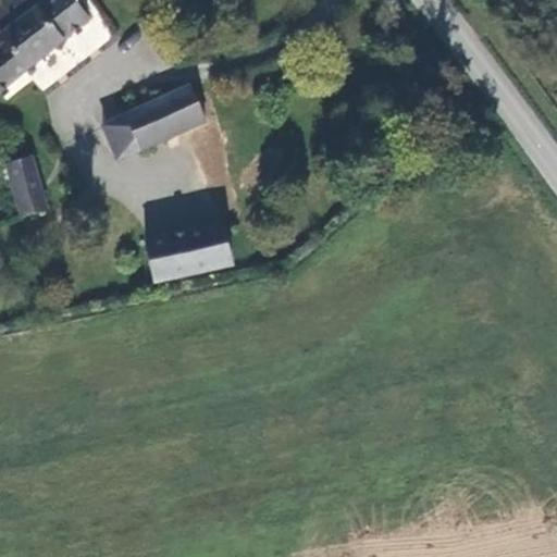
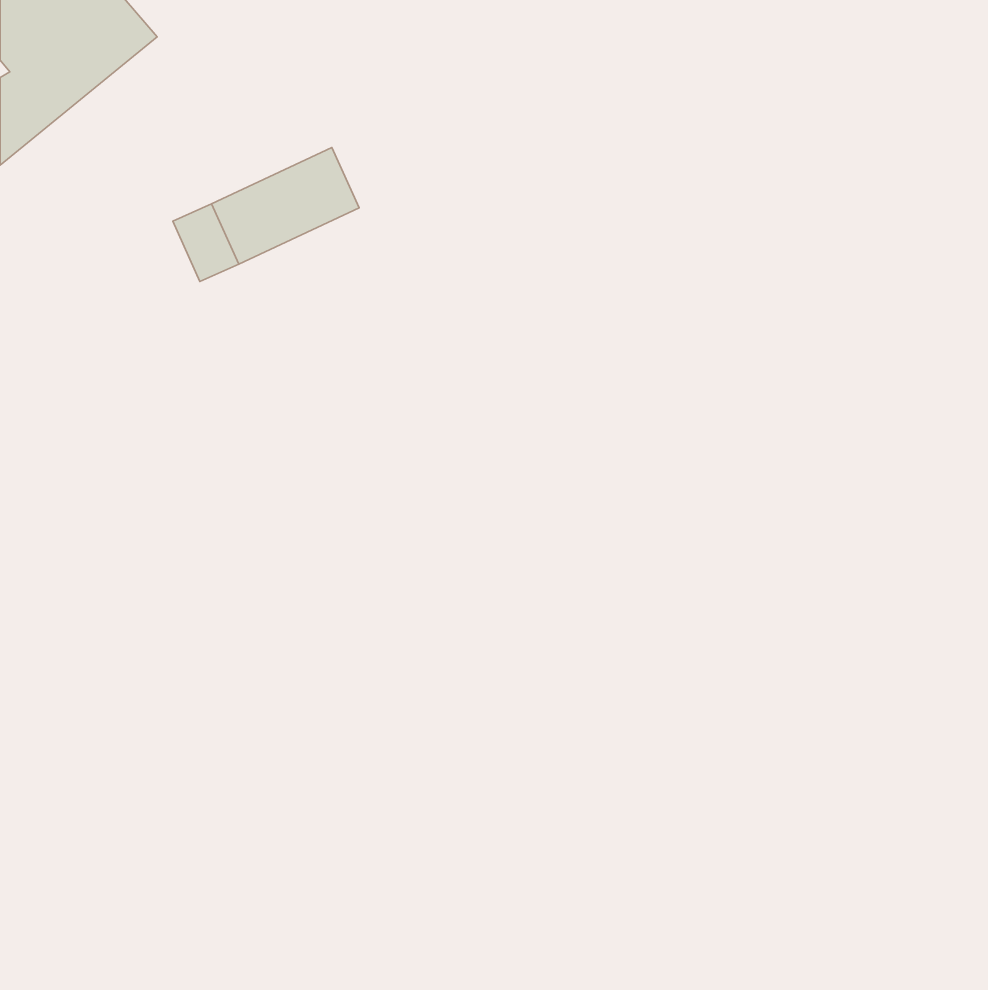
building: [10,160,45,219] -> none
building: [145,220,235,282] -> none

